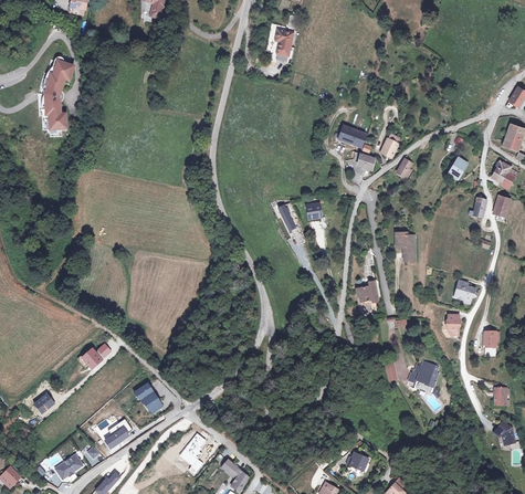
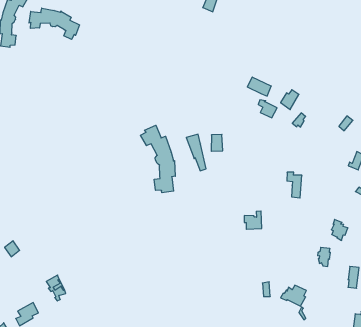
building: none -> [29,8,80,39]
building: none -> [140,125,175,193]

